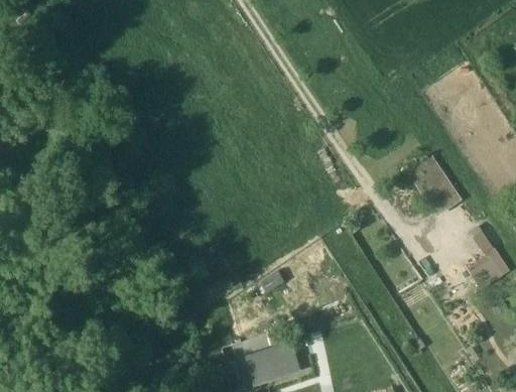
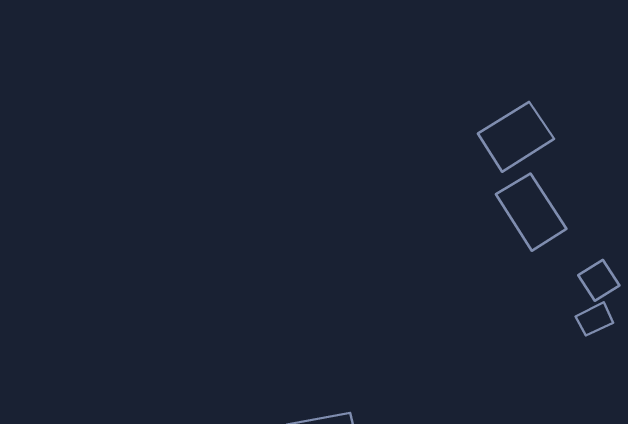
building: none -> [478,102,554,172]

